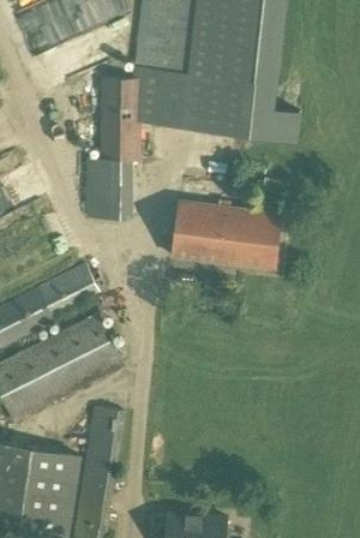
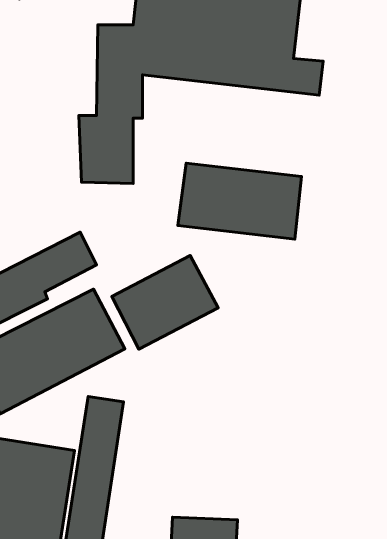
building: none -> [112,255,218,349]

